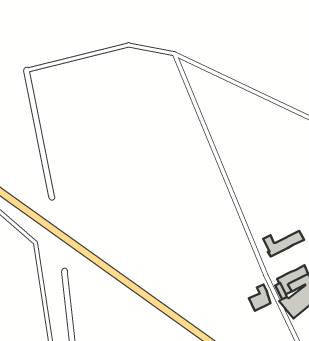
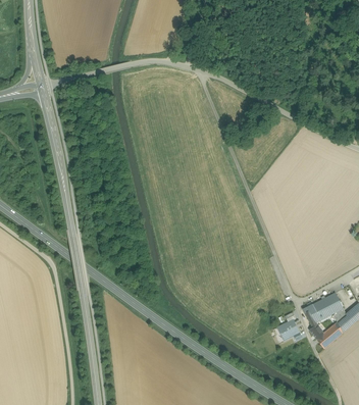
building: [263,231,304,257] -> none

